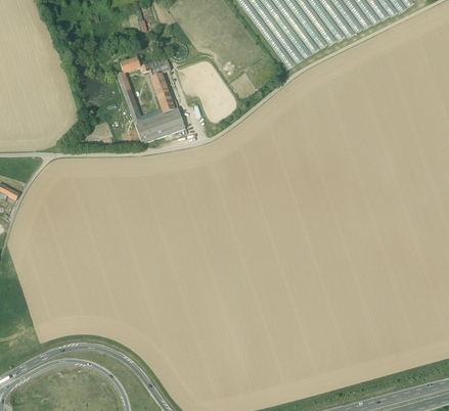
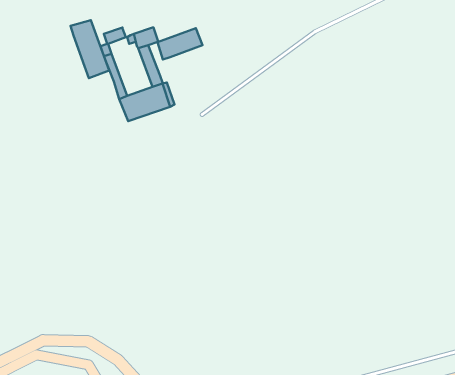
building: none -> [71,20,109,78]
building: none -> [158,28,202,59]

